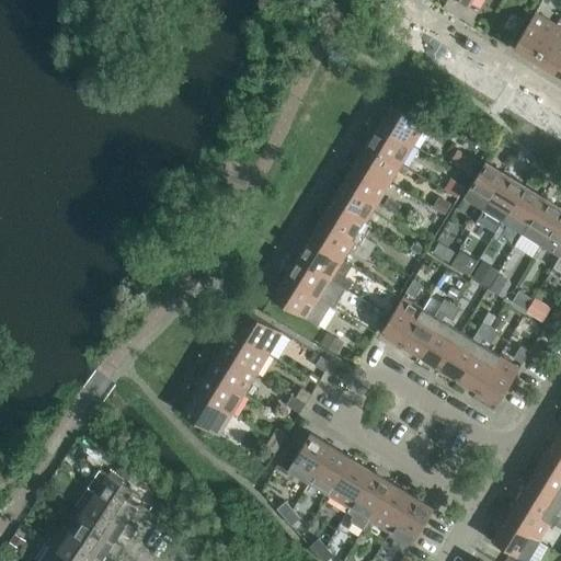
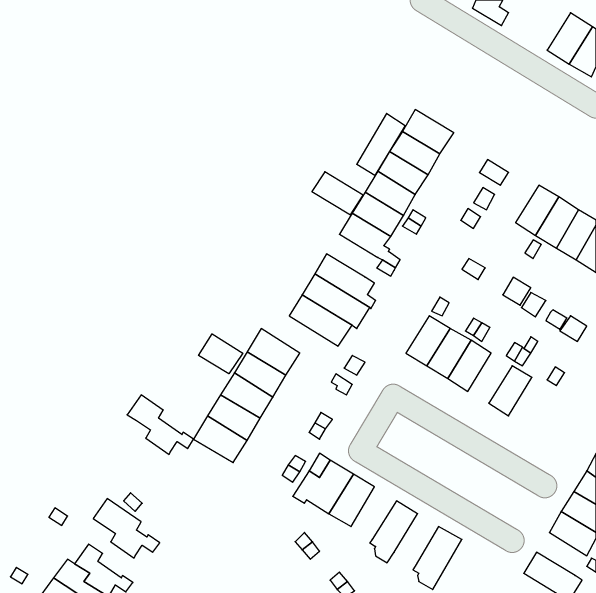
building: none -> [357,113,405,175]
building: [463,163,506,211] -> none
building: [307,222,355,263] -> [312,172,363,215]
building: none -> [199,334,243,374]
building: [439,334,481,381] -> none
building: [478,357,519,405] -> none
building: [330,460,373,510] -> none
building: [370,485,412,535] -> none
building: [75,490,137,546] -> [127,395,194,454]
building: [504,503,551,543] -> none

